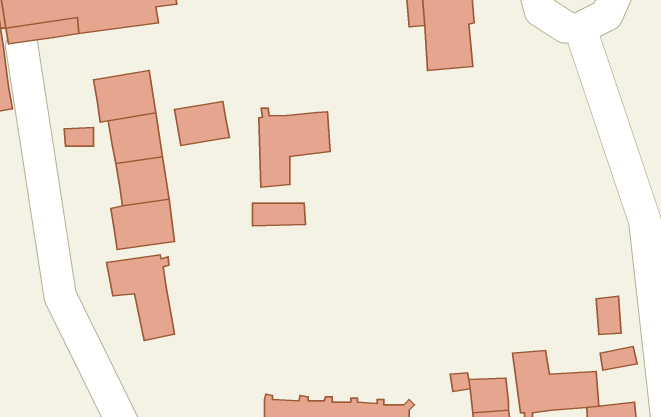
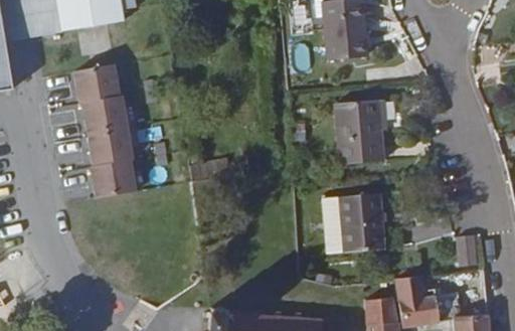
building: [175,101,229,146] -> none
building: [259,108,330,187] -> none
building: none -> [337,105,384,166]
building: none -> [306,200,380,257]
building: [107,255,175,340] -> none

